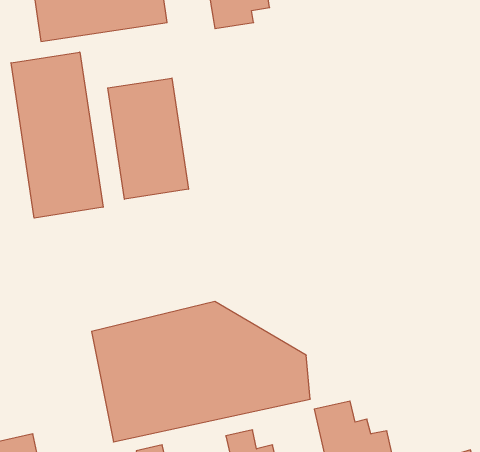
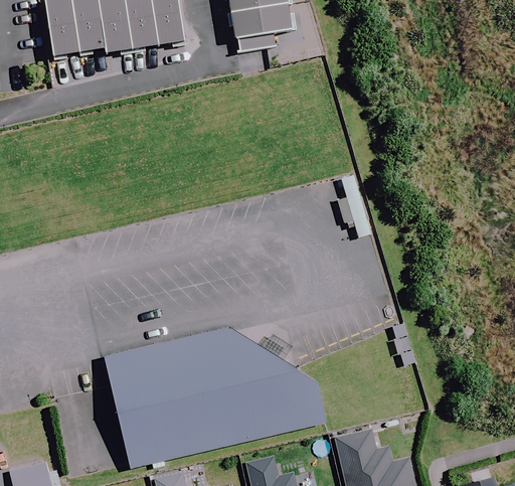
building: [11,52,103,218] -> none
building: [108,78,188,199] -> none

